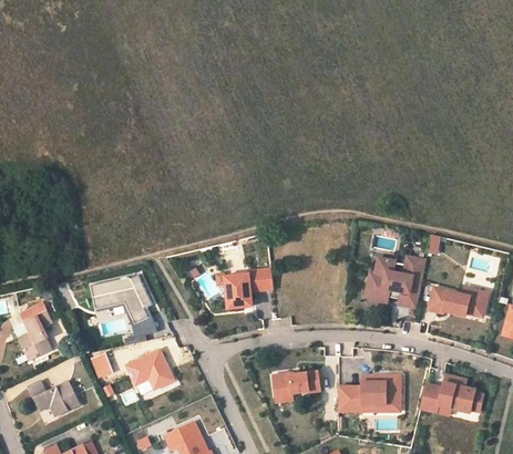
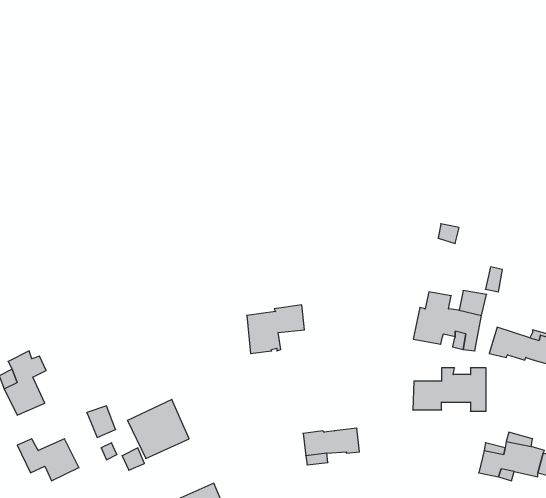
building: [89,276,151,326] -> none
building: [337,376,399,413] -> [413,368,486,411]

